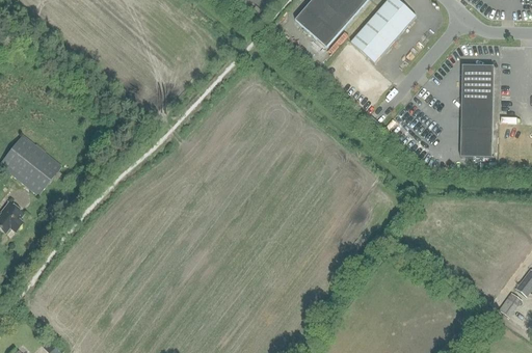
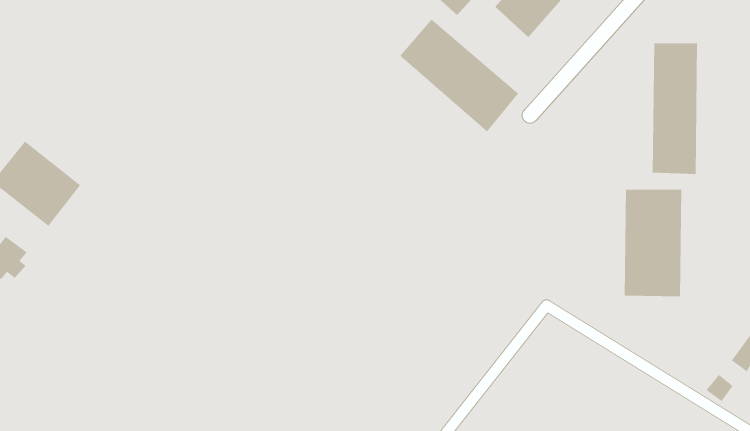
building: none -> [399,19,519,132]
building: none -> [624,189,682,297]

